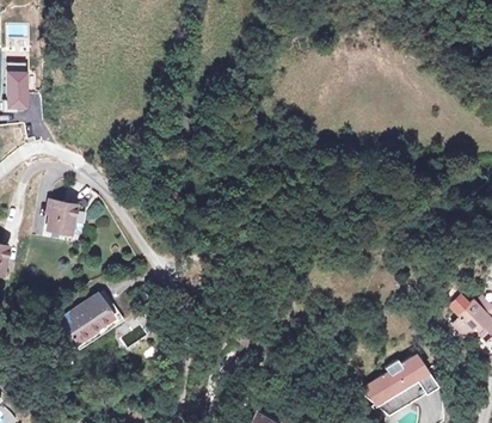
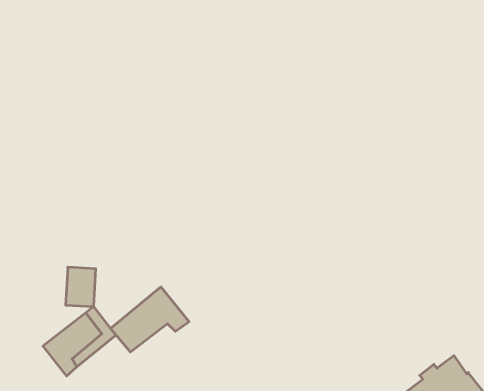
building: [45,196,74,232] -> [66,267,96,307]
building: none -> [111,287,189,352]

